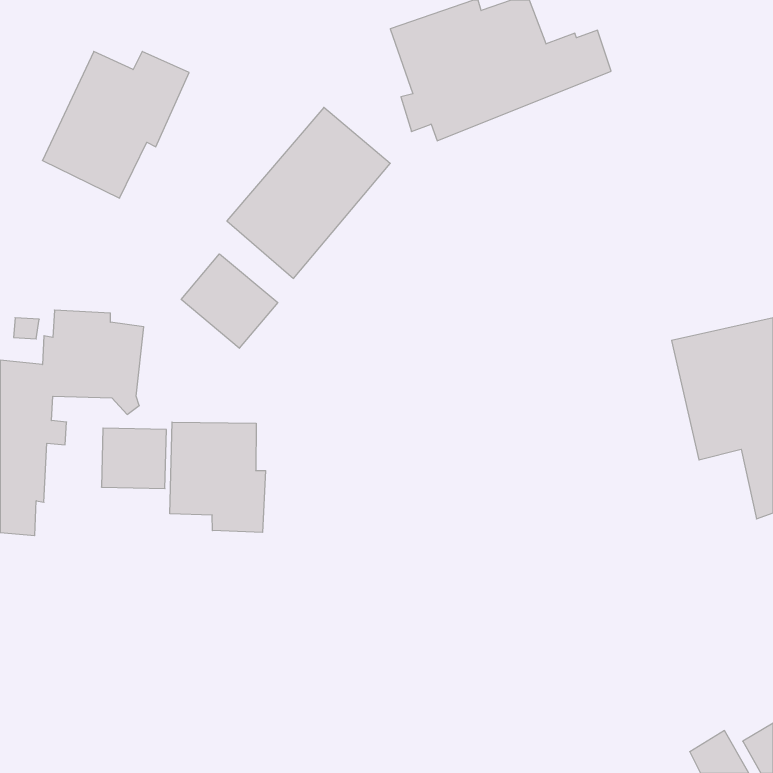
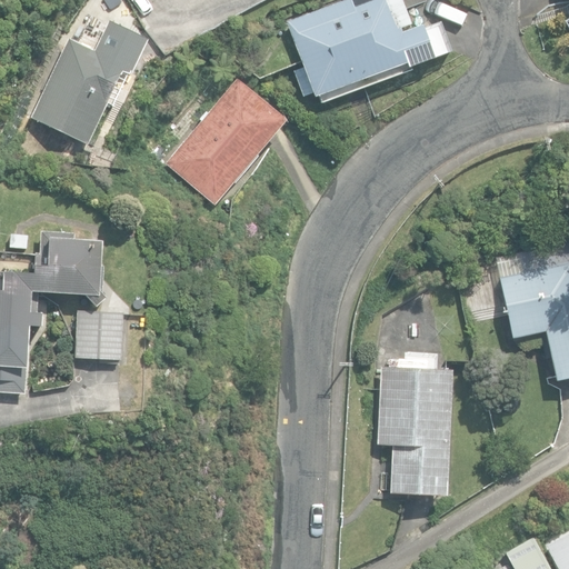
building: [181,254,278,348] -> none
building: [170,422,266,532] -> none
building: none -> [378,365,452,495]

